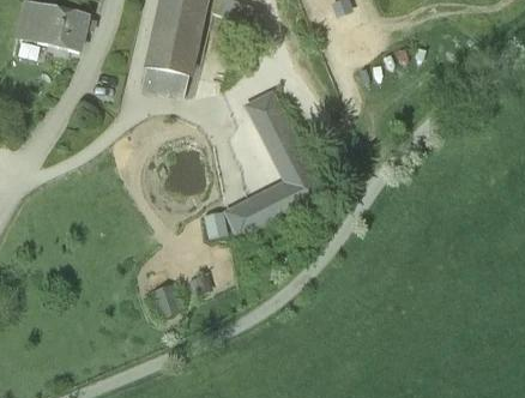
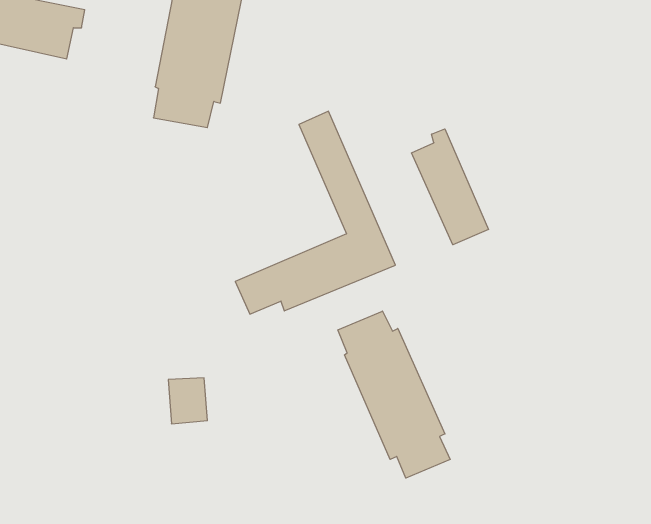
building: none -> [411,129,489,245]
building: none -> [338,311,450,478]

